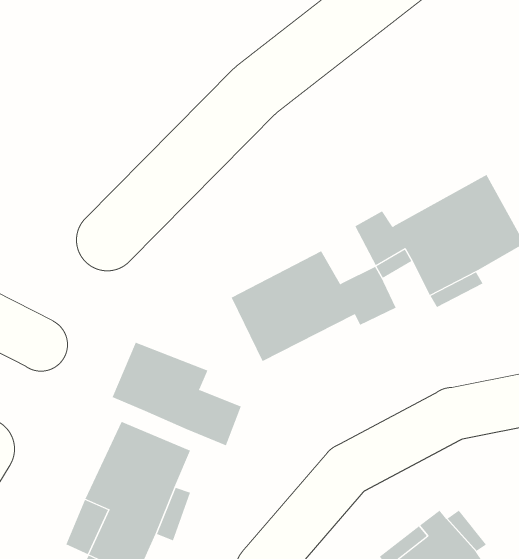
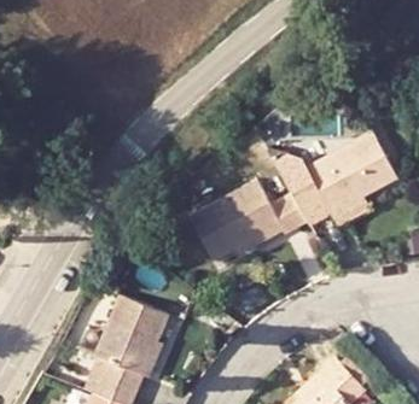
building: [112,342,242,446] -> none

